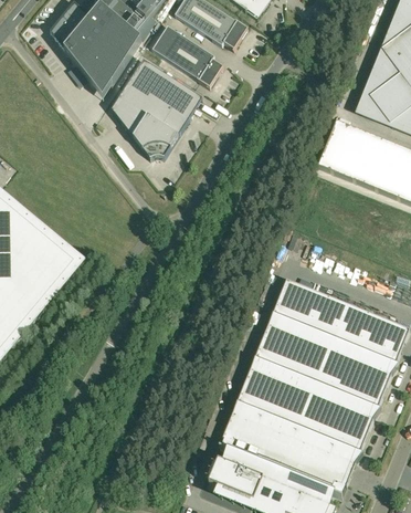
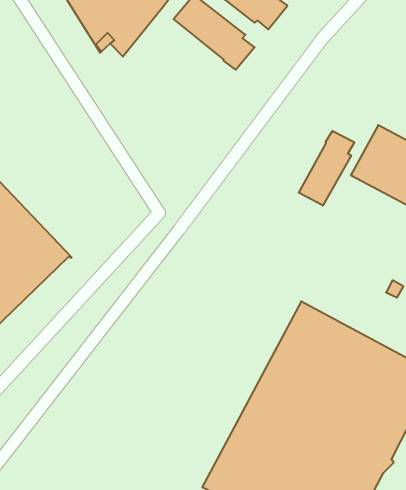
building: [110,60,202,158] -> none
building: none -> [299,131,354,206]

